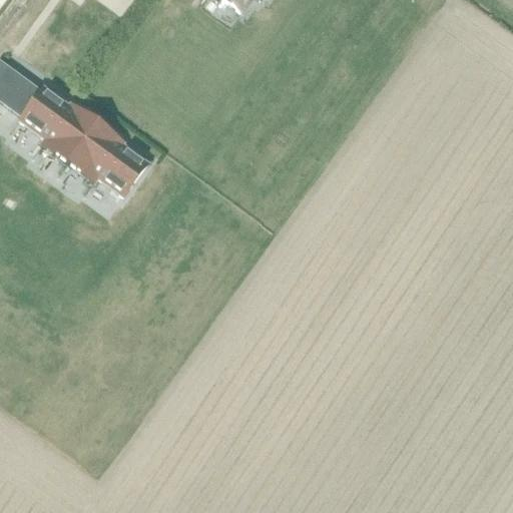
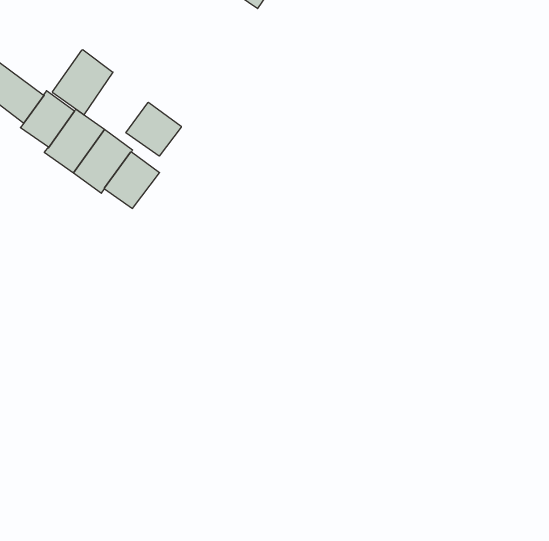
building: none -> [52,50,113,115]
building: none -> [126,102,181,156]

